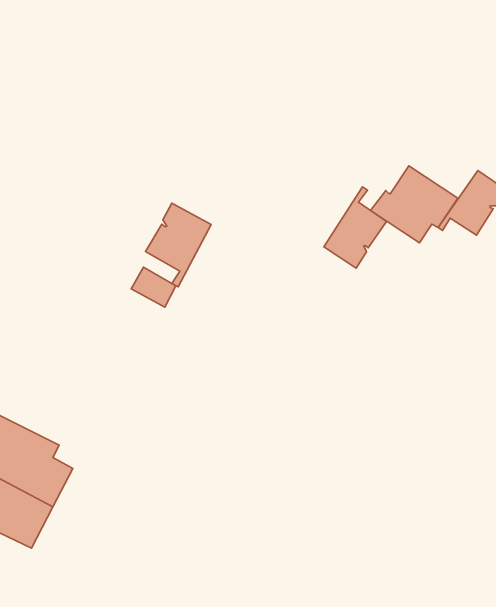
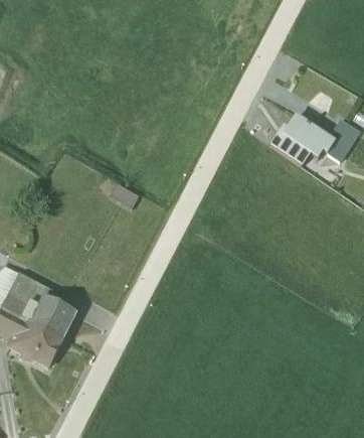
building: [324,187,387,268] -> none
building: [146,203,211,287] -> none

